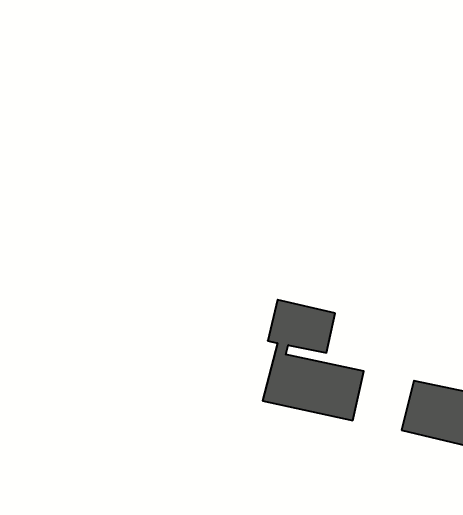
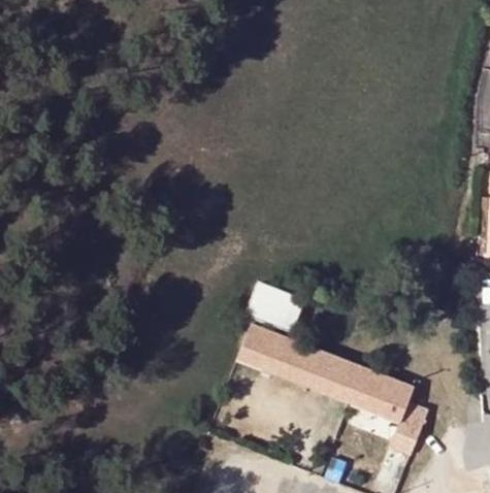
building: none -> [302,349,356,400]

